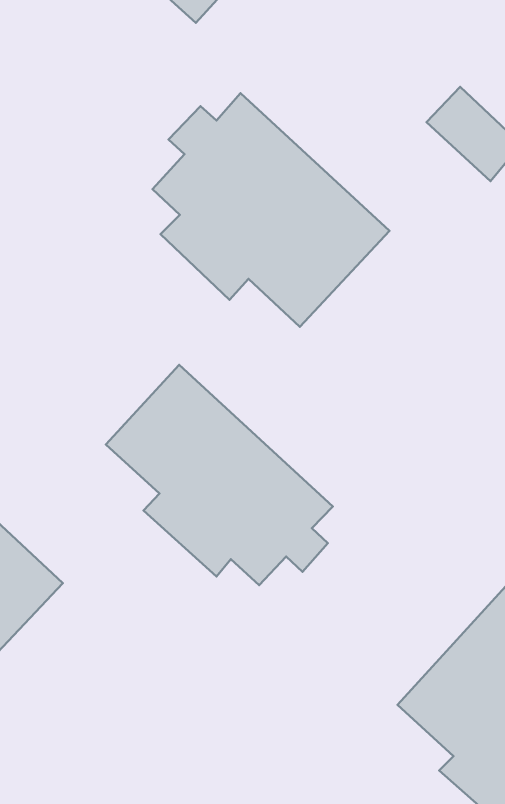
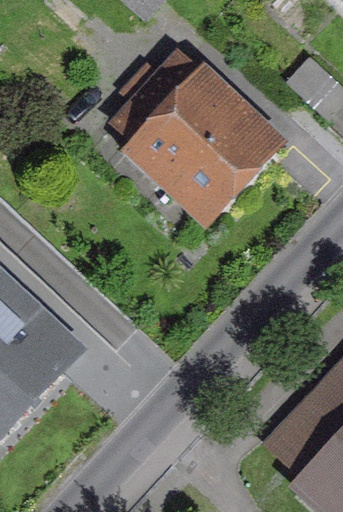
building: [106,365,333,585] -> none

